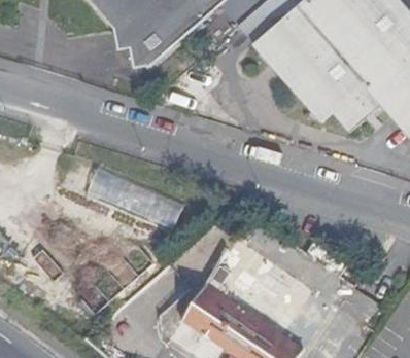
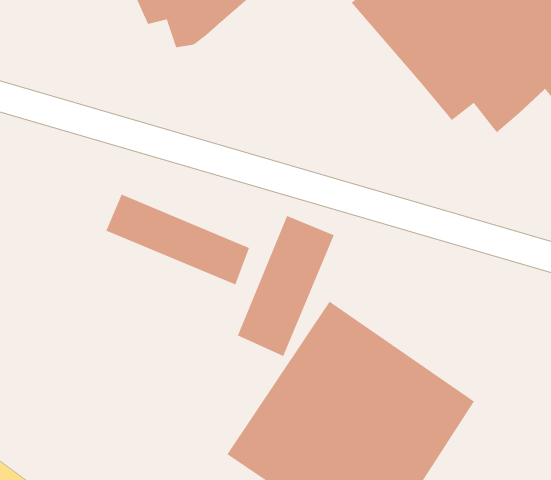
building: none -> [237,215,334,357]

